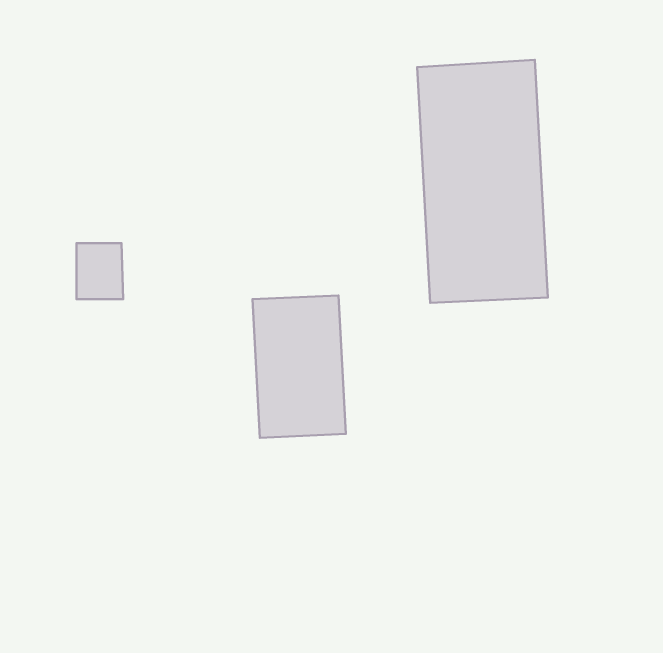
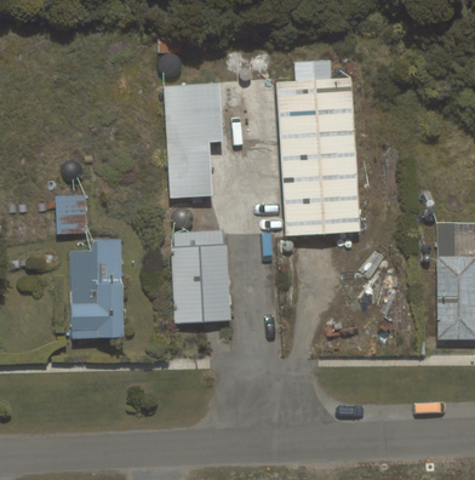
building: none -> [164,82,223,199]
building: none -> [69,240,125,339]

